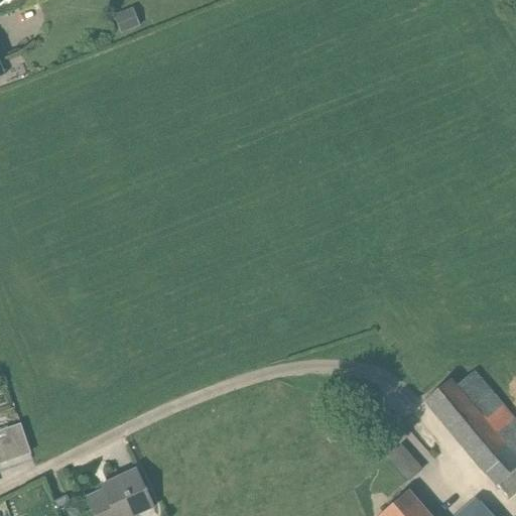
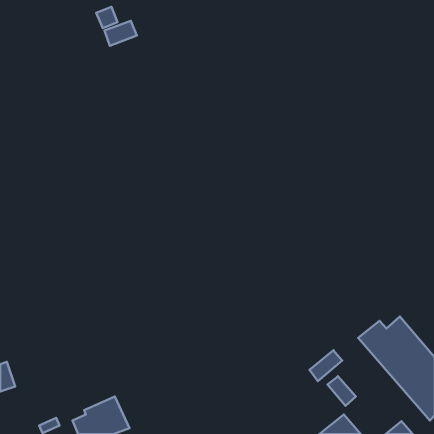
building: none -> [105,21,137,46]
building: none -> [309,350,342,381]

